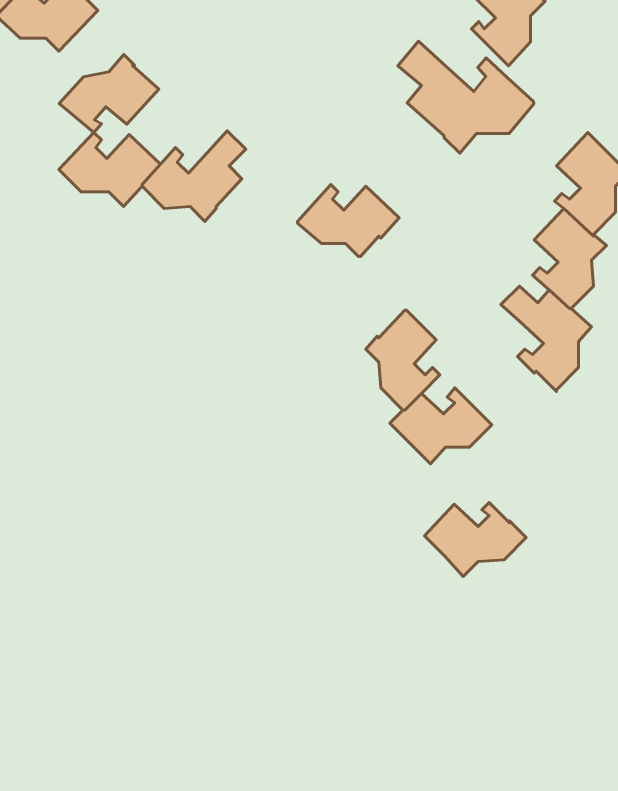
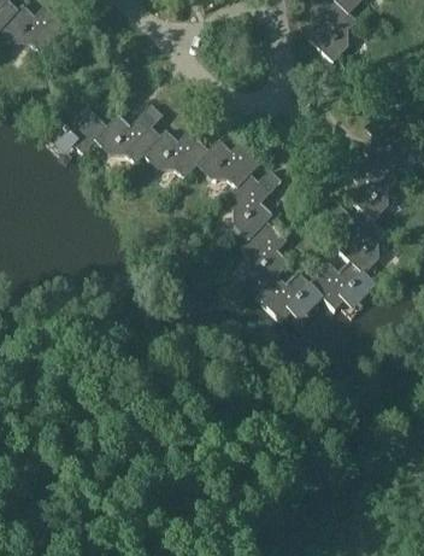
building: [398,41,534,153] -> none
building: [59,55,159,133] -> none
building: none -> [142,129,207,177]
building: none -> [223,169,279,239]
building: [424,502,526,576] -> [308,261,375,309]

